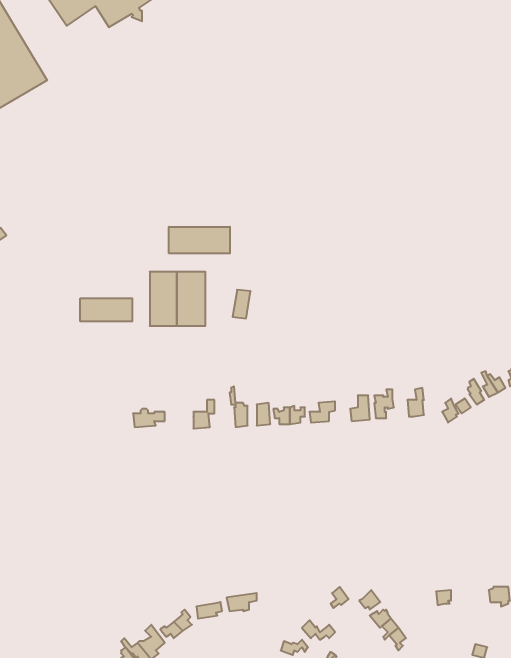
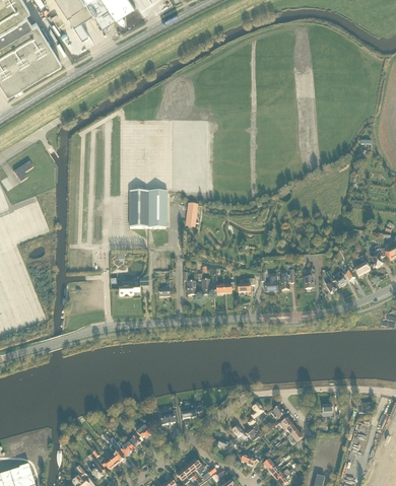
building: [169,227,230,253] -> none
building: [80,298,132,321] -> none

